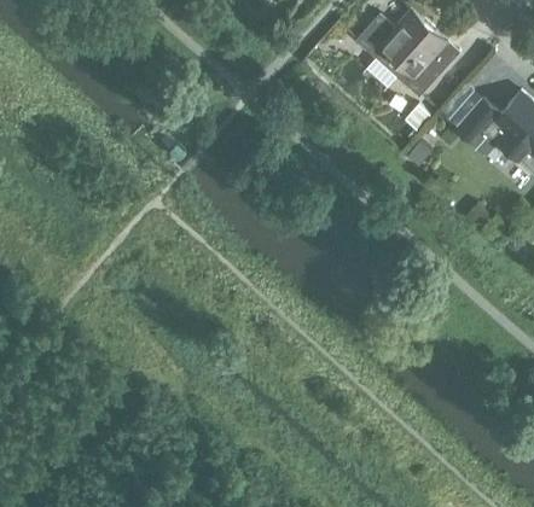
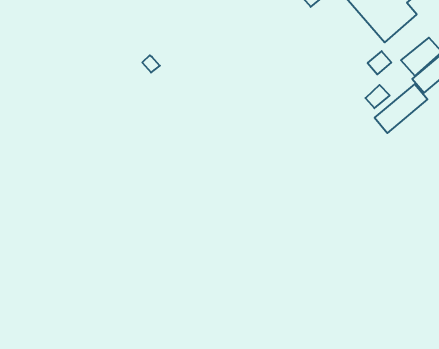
building: none -> [375,84,427,133]

